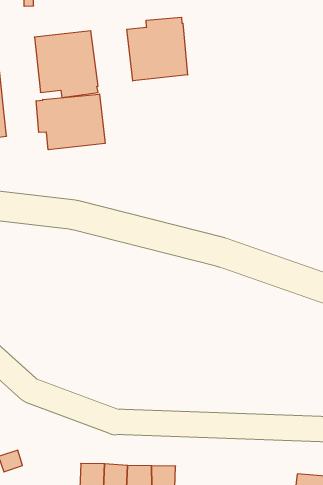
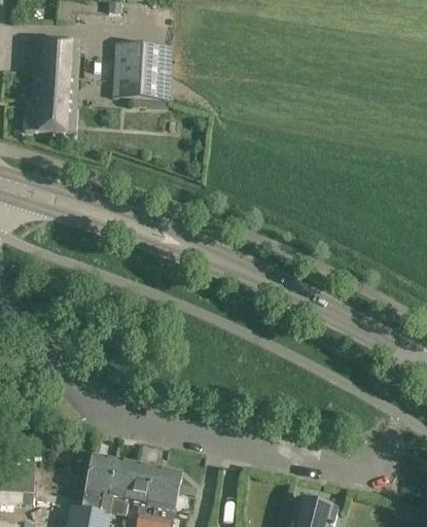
building: [127,17,188,81] -> none
building: [36,94,105,150] -> none

